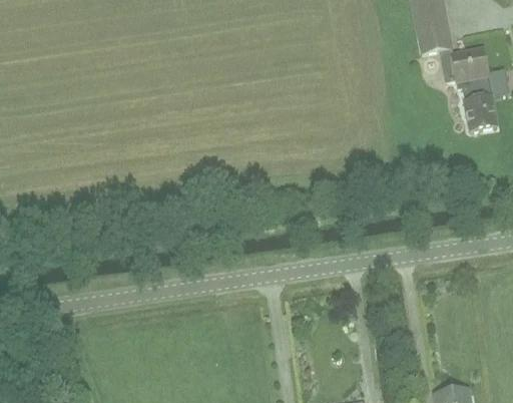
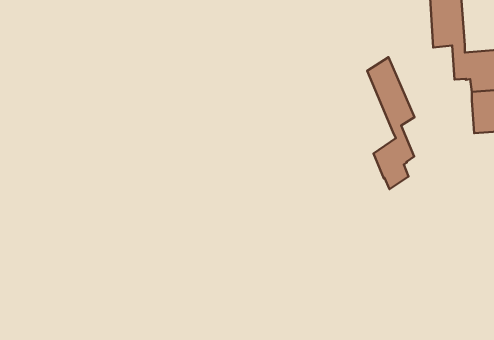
building: none -> [367,57,415,189]

